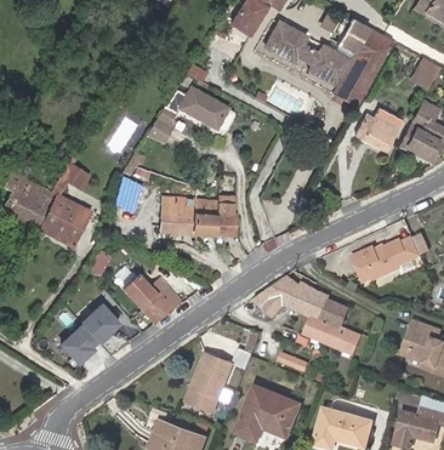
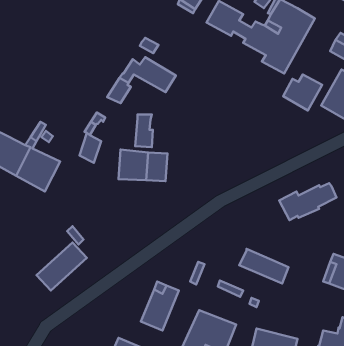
building: [216,196,237,235] -> [135,114,153,147]
building: [254,275,351,327] -> none
building: [127,278,180,323] -> none

